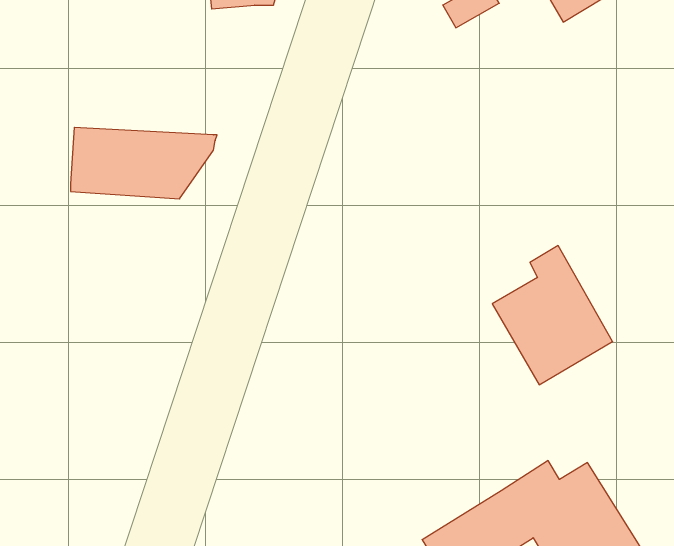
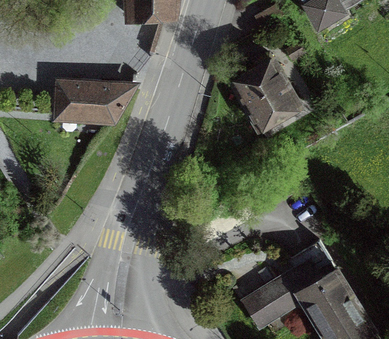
building: [492,246,613,385] -> [234,53,298,127]

